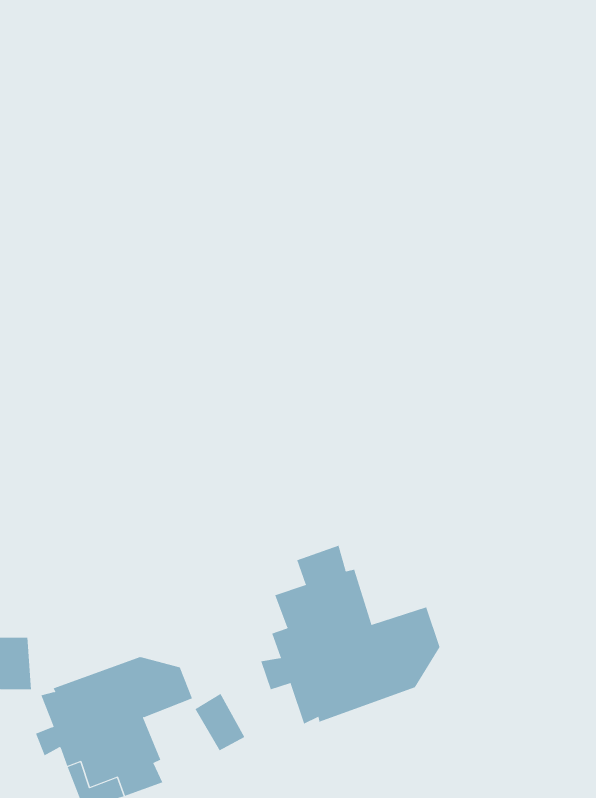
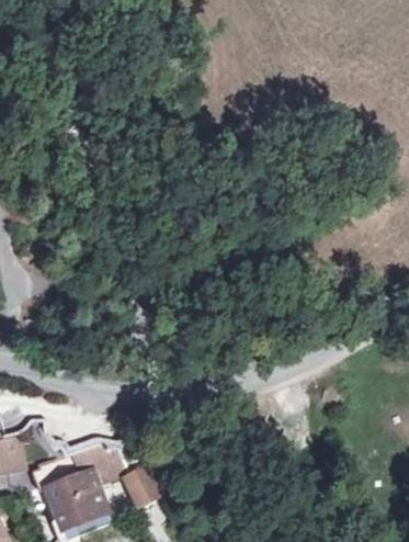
building: [261,545,440,725] -> none

